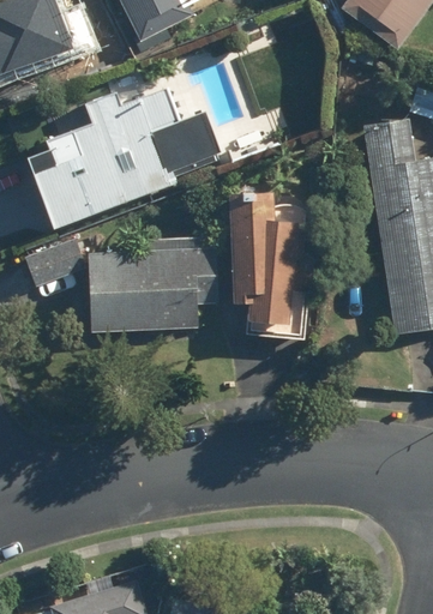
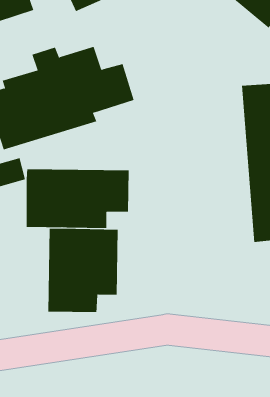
building: [221,195,290,329] -> none
building: none -> [48,228,118,313]

